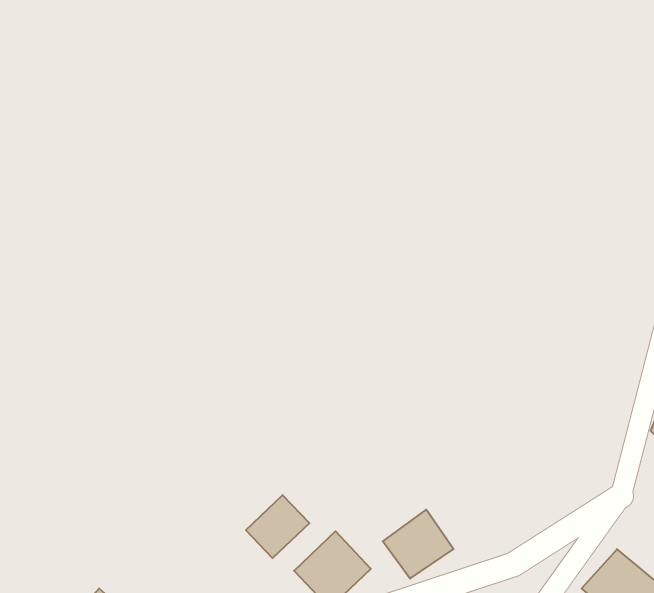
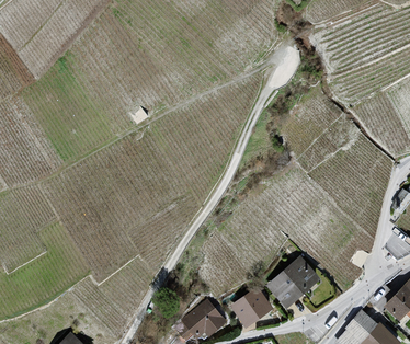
building: none -> [267,256,321,310]
building: [246,495,309,558] -> none

